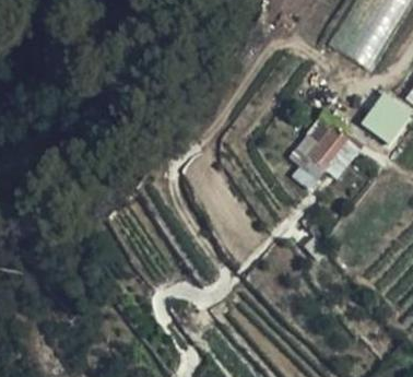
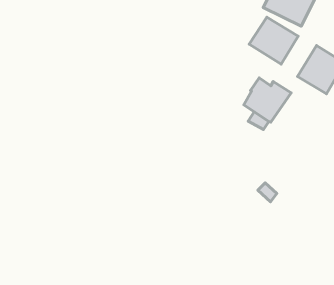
building: none -> [249,17,298,64]

